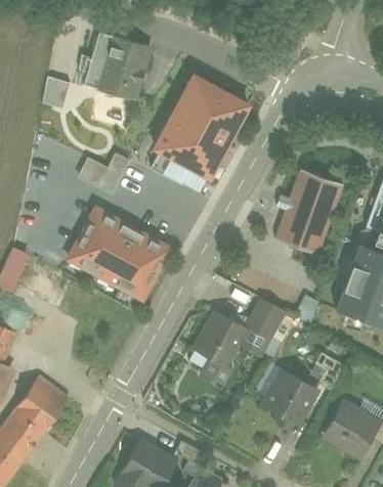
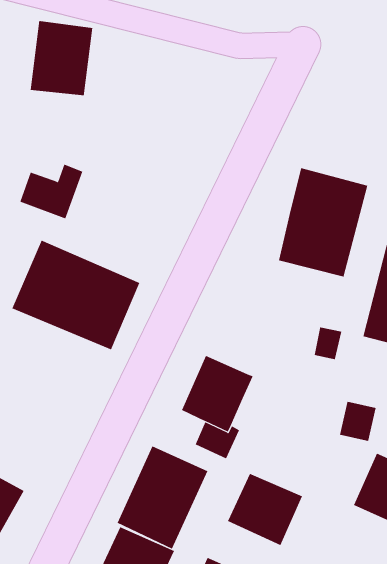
building: [148,75,246,183] -> none
building: [240,297,287,357] -> none
building: [261,367,322,426] -> [227,473,303,546]
building: none -> [117,446,208,550]

